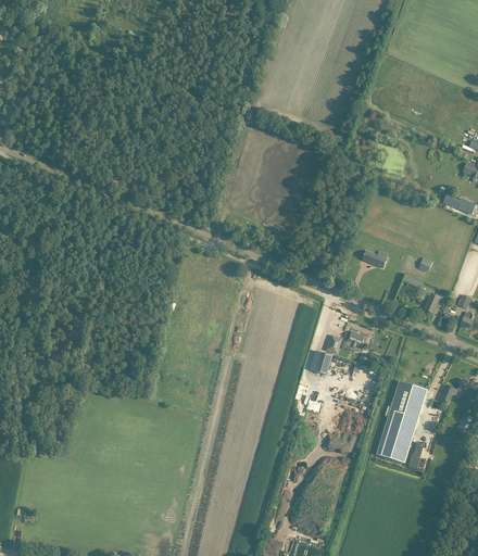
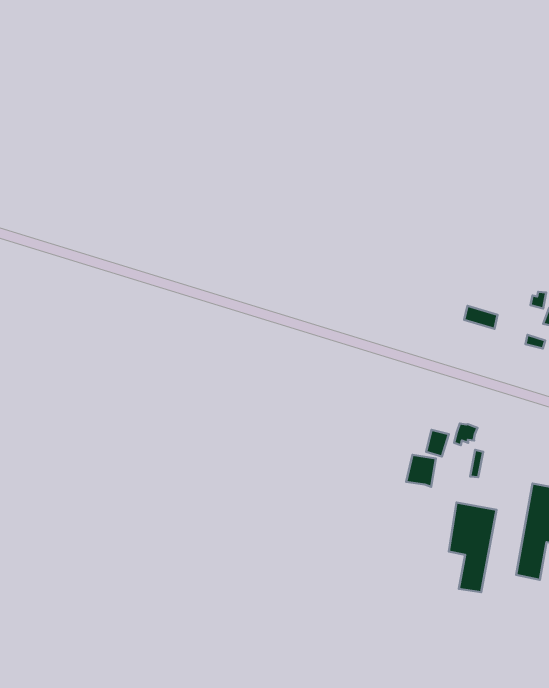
building: none -> [449,502,497,592]

